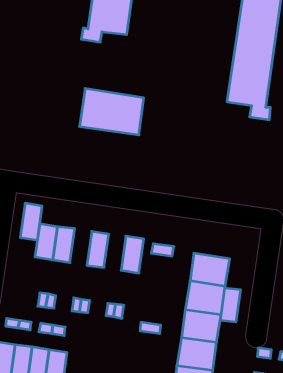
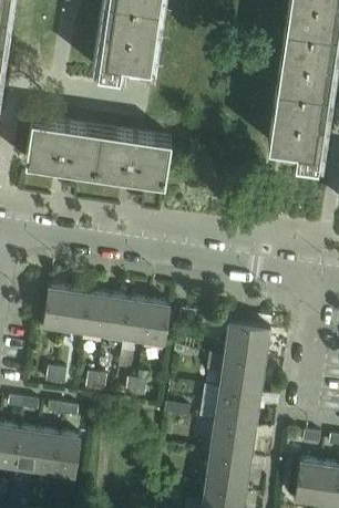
building: none -> [25,120,102,174]
building: [20,203,42,240] -> [84,293,110,336]
building: none -> [124,300,150,342]
building: [220,288,240,322] -> none

